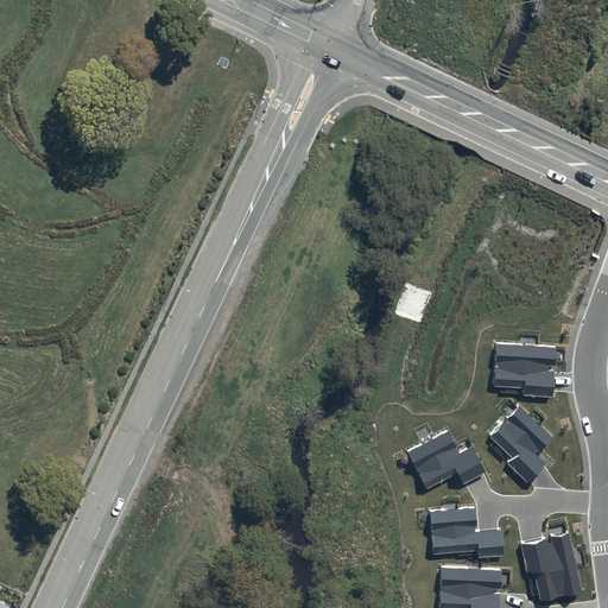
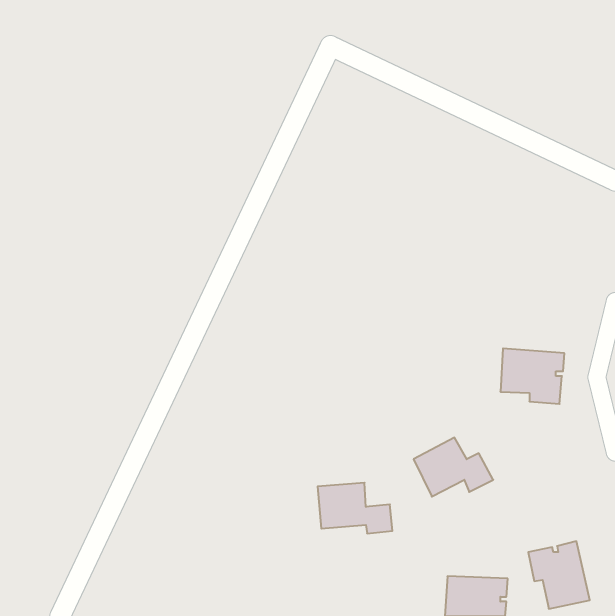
building: [489,406,553,482] -> none
building: [429,508,502,558] -> [318,483,392,533]

